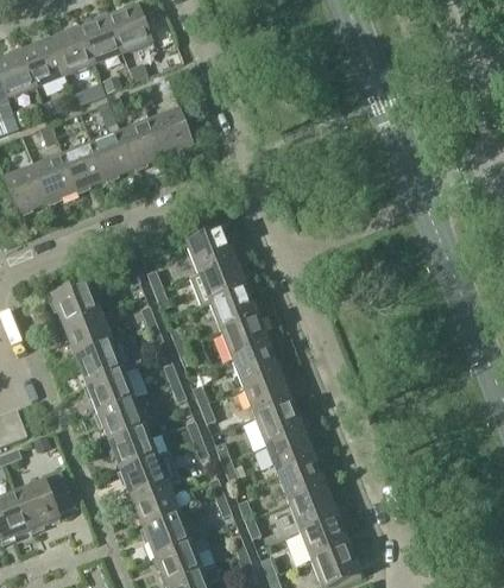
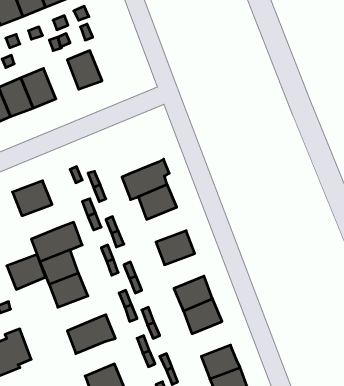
building: [149,106,194,156] -> none
building: [90,129,134,178] -> none
building: [185,228,235,273] -> none
building: [63,311,112,355] -> [7,255,46,289]
building: [220,315,270,359] -> none
building: [242,373,292,417] -> none
building: [108,426,157,470] -> none
building: [277,459,326,502] -> none
building: [131,483,179,527] -> none

